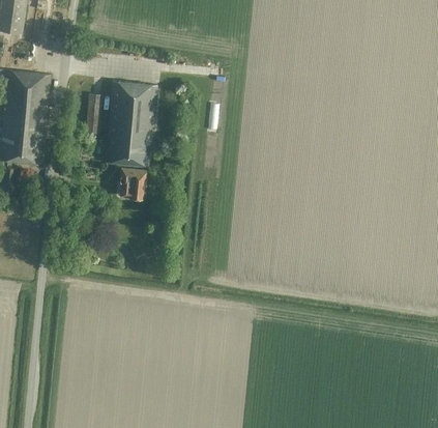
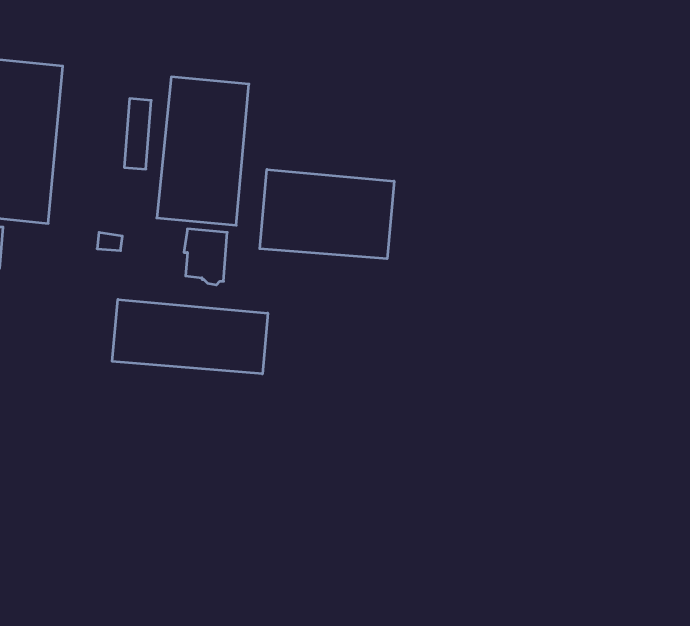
building: none -> [260,169,394,259]
building: none -> [112,299,268,374]

